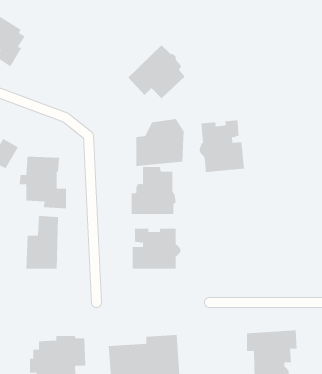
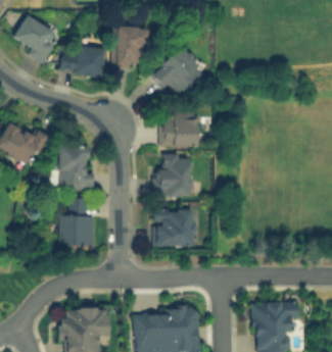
building: none -> [111,26,148,68]
building: none -> [59,46,103,78]
building: [199,119,245,173] -> none

